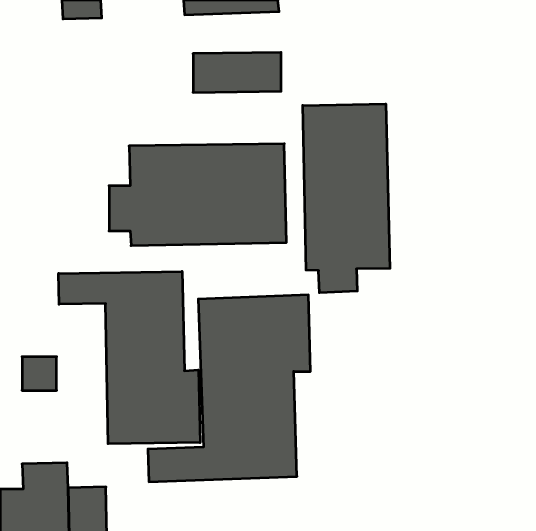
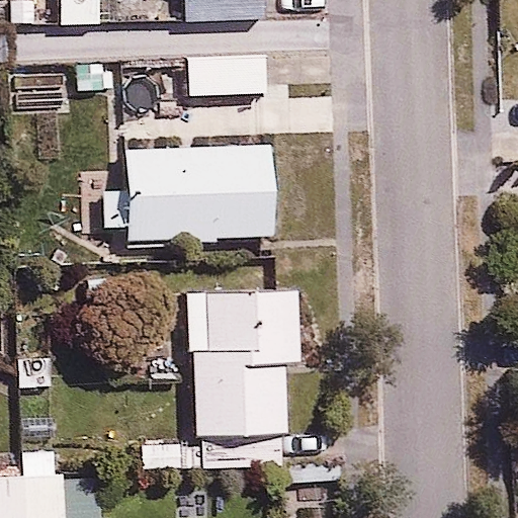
building: [303,104,390,293] -> none
building: [59,271,200,444] -> none

